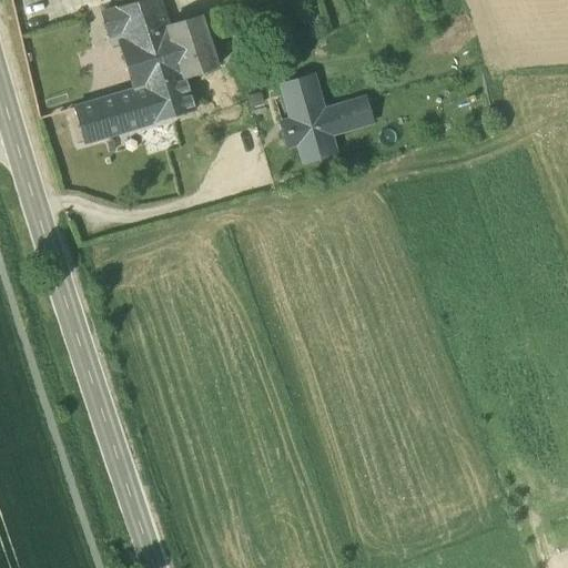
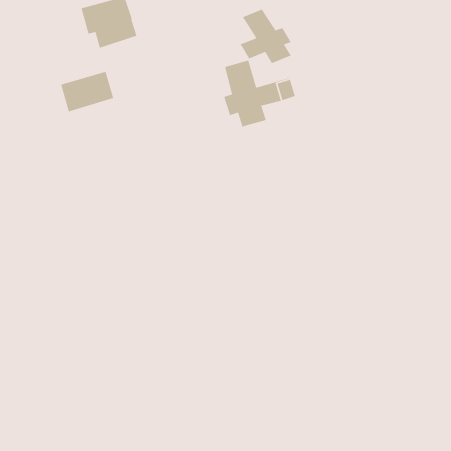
building: none -> [228,9,292,64]
building: [126,14,219,123] -> none

